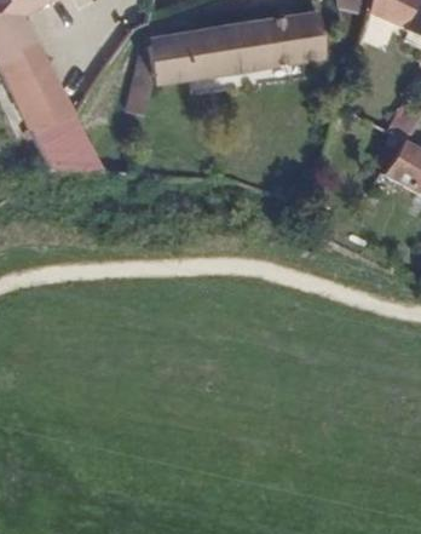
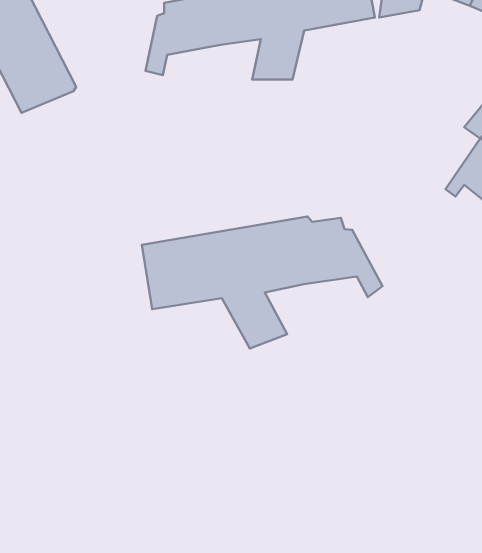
building: [30,104,110,174] -> none
building: none -> [142,216,382,348]

